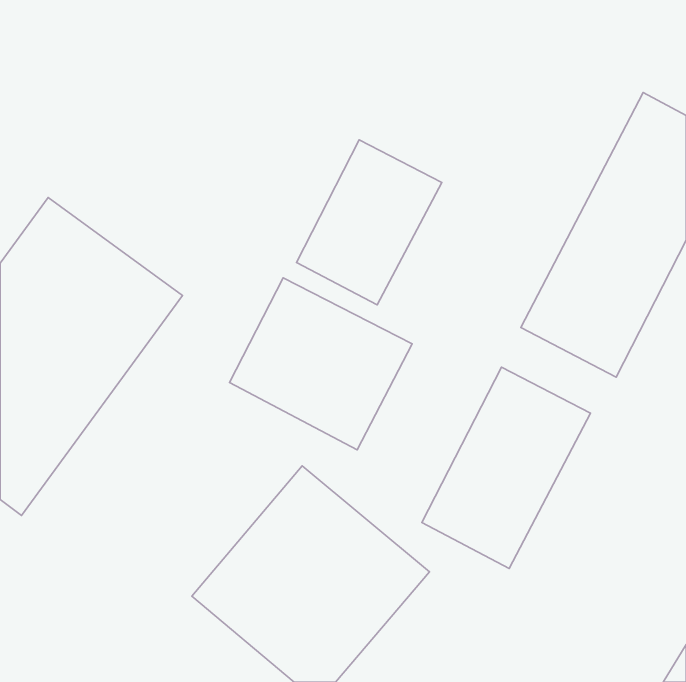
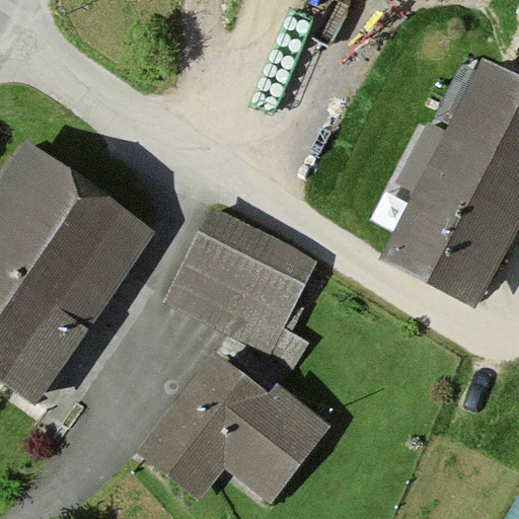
building: [296,140,442,305] -> none
building: [422,367,591,569] -> none

